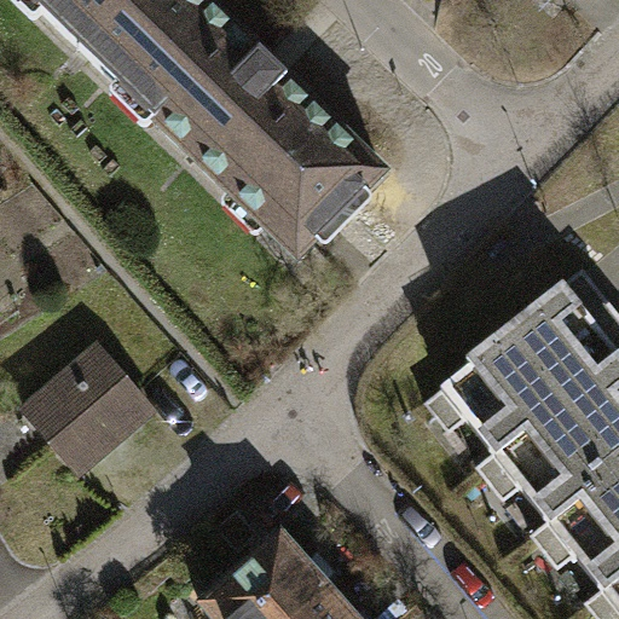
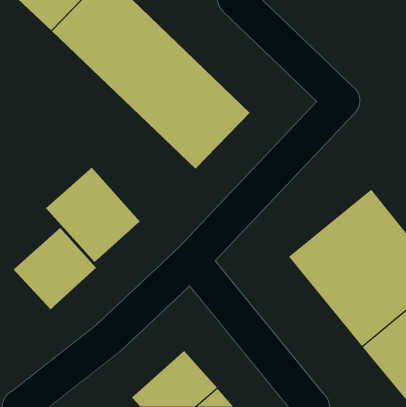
building: none -> [45,167,140,263]

